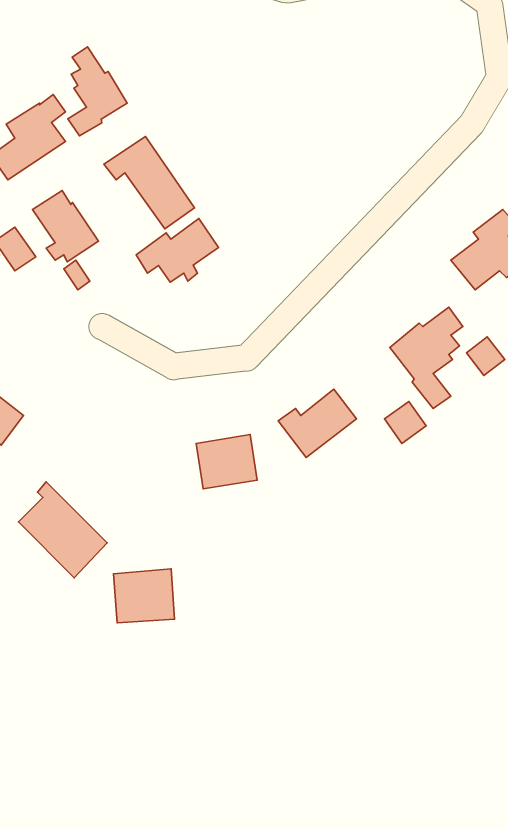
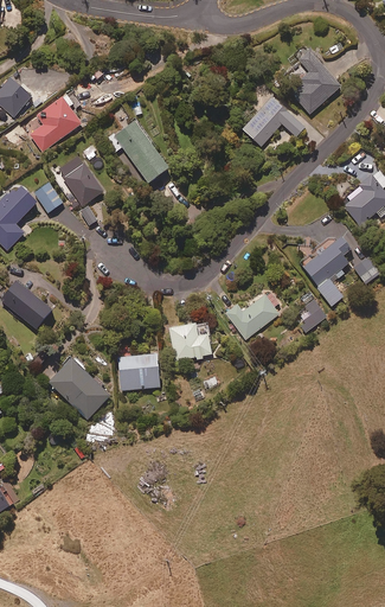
building: none -> [291,52,340,113]
building: [68,47,127,136] -> none
building: none -> [242,96,304,146]
building: [136,218,218,282] -> none
building: [114,569,175,623] -> [117,352,159,389]

